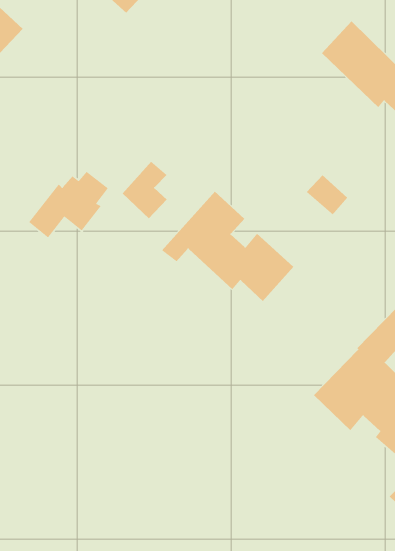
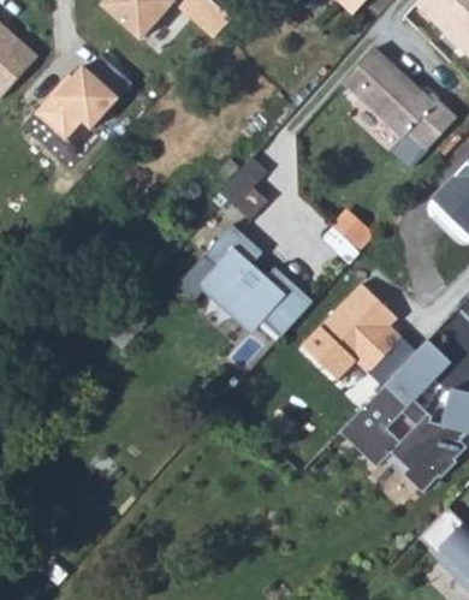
building: [122,161,168,219] -> [221,159,268,219]
building: [28,171,109,238] -> [36,59,119,129]
building: none -> [311,285,412,379]

